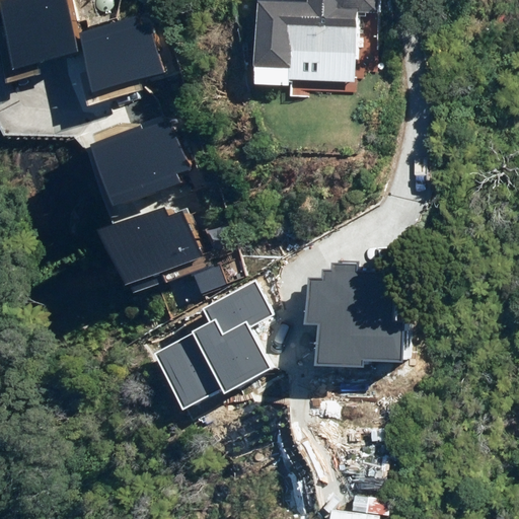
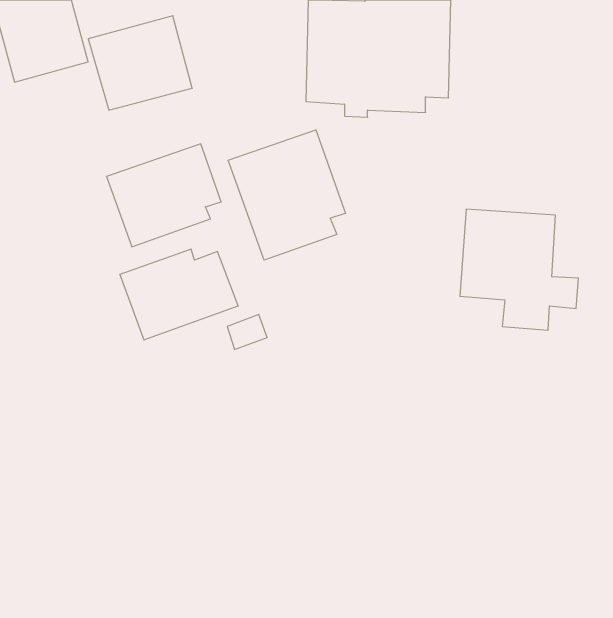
building: none -> [228,130,346,260]
building: [319,263,419,364] -> [460,209,578,330]
building: [150,282,271,409] -> none

